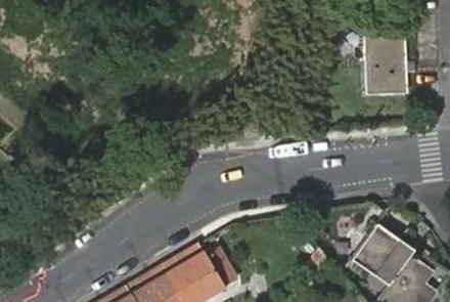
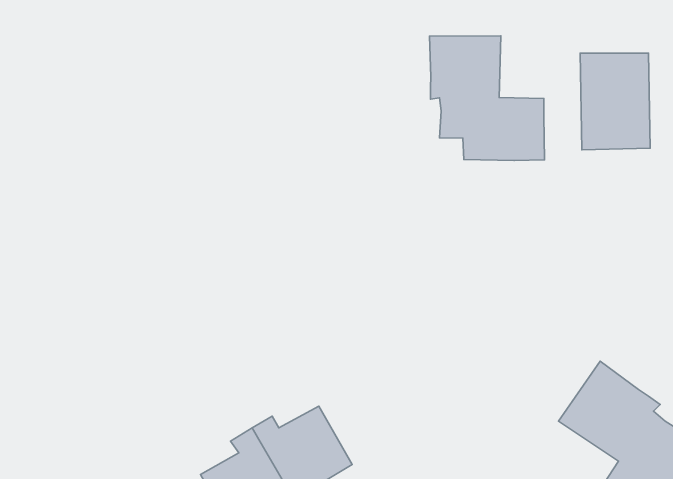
building: none -> [429,36,544,161]

